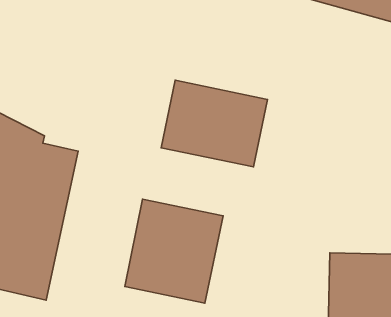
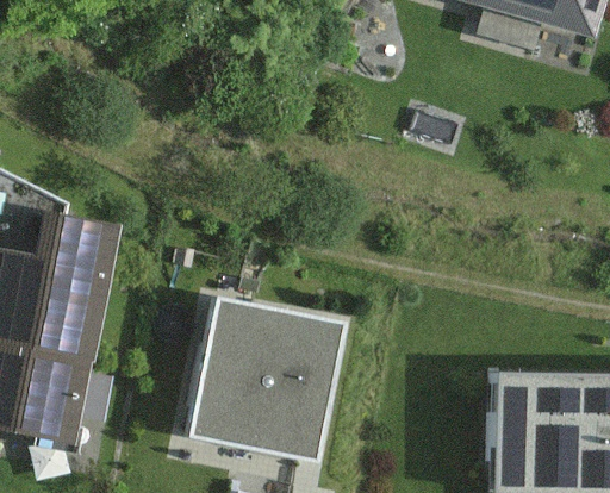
building: [161,80,267,167] -> none

